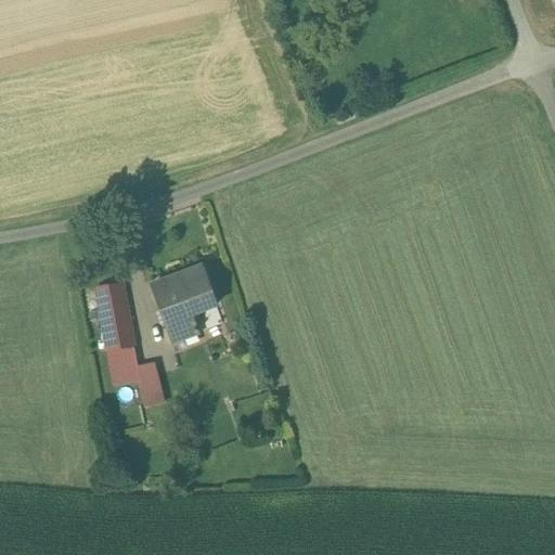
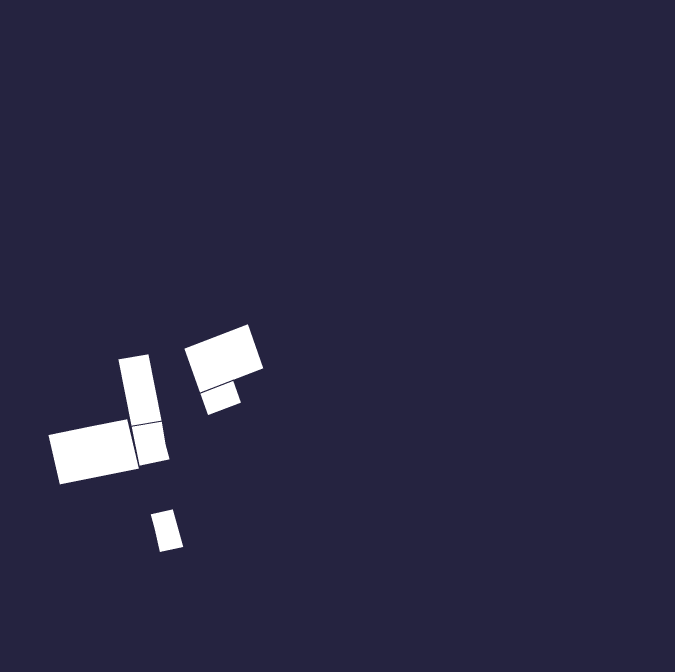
building: none -> [48,419,139,485]
building: [137,361,165,397] -> [150,509,184,552]

